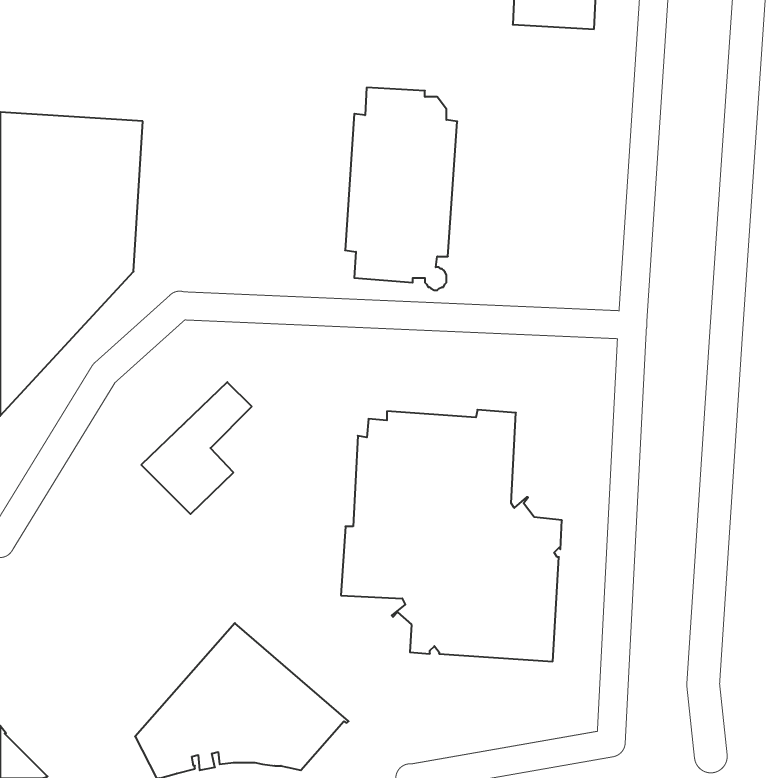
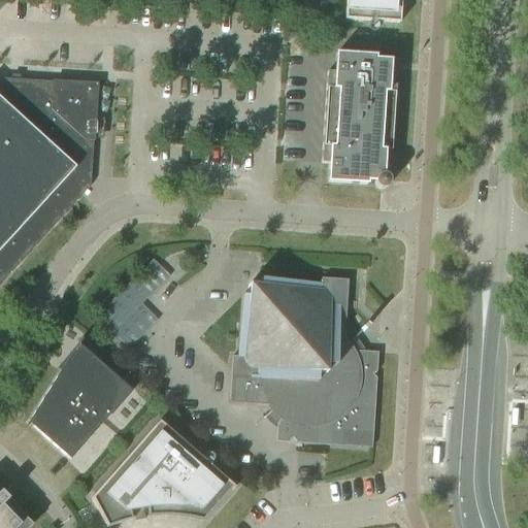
building: [345,88,457,290] -> [322,51,397,187]
building: none -> [29,342,131,457]

